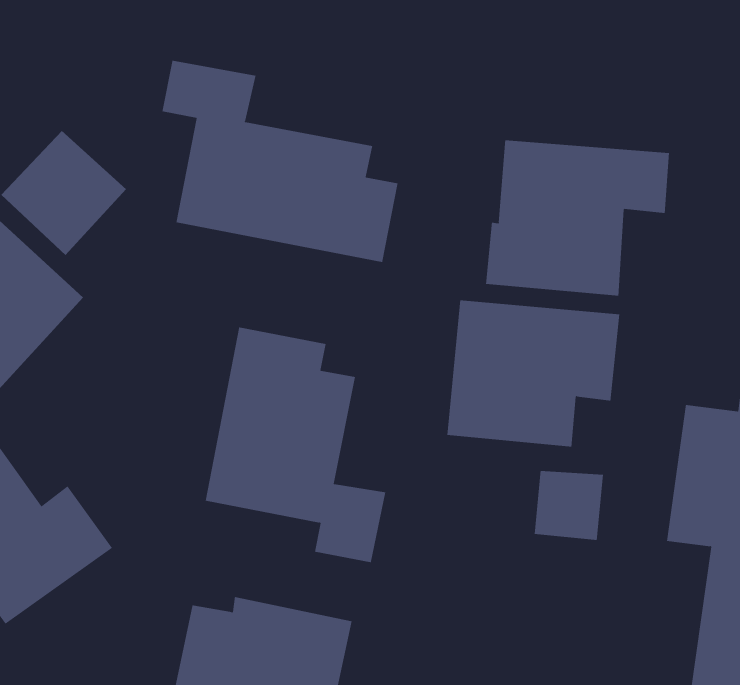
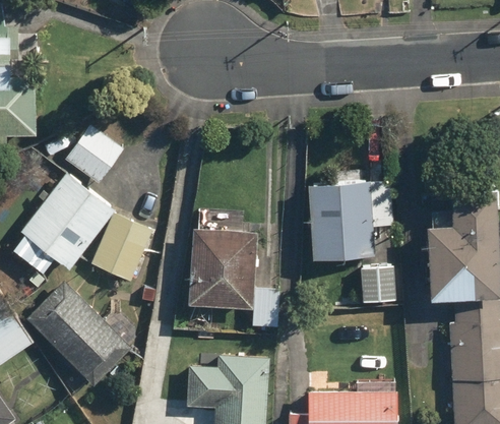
building: [162,60,398,263] -> none
building: [485,139,669,296] -> none
building: none -> [91,218,148,278]

